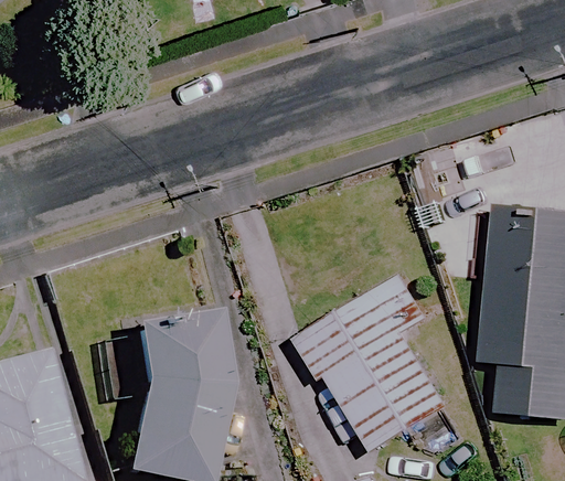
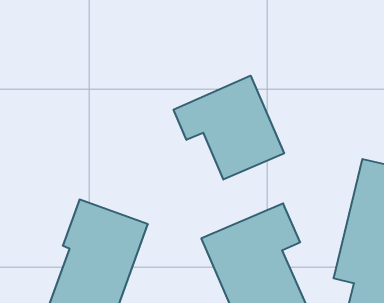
building: none -> [174,76,284,180]

